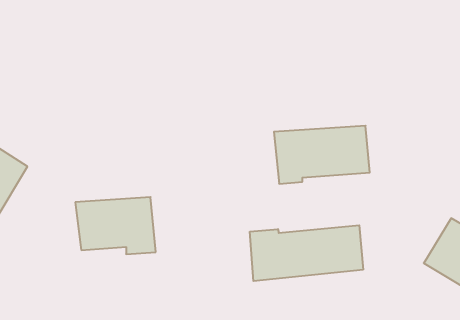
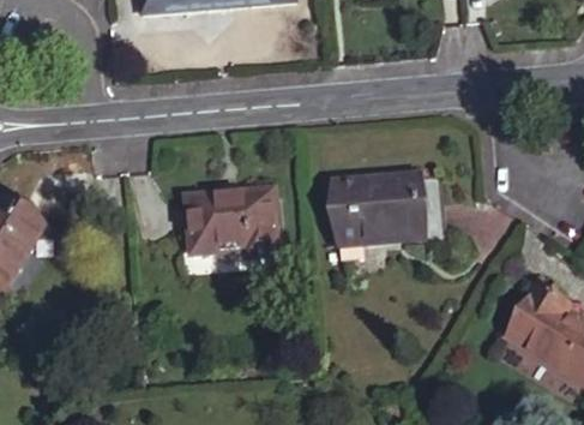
building: [75,197,156,254] -> [185,191,279,258]
building: [250,225,363,281] -> none

